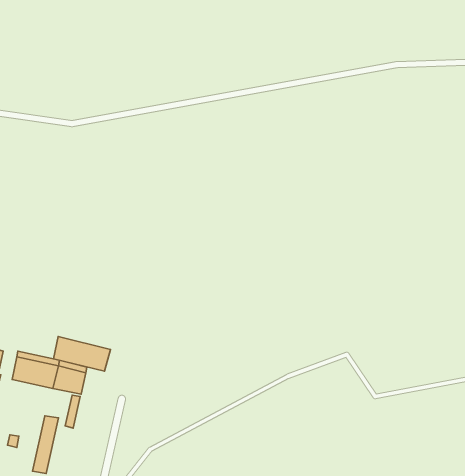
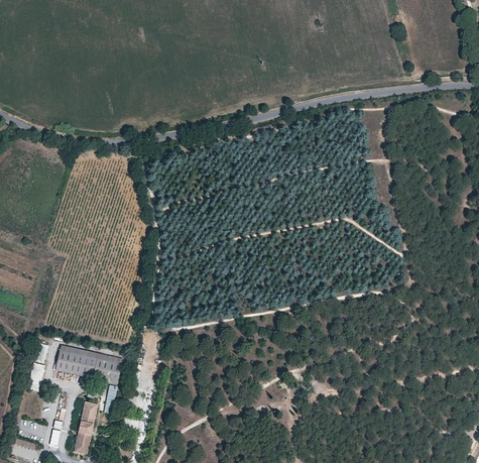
building: [54,336,111,371] -> none

